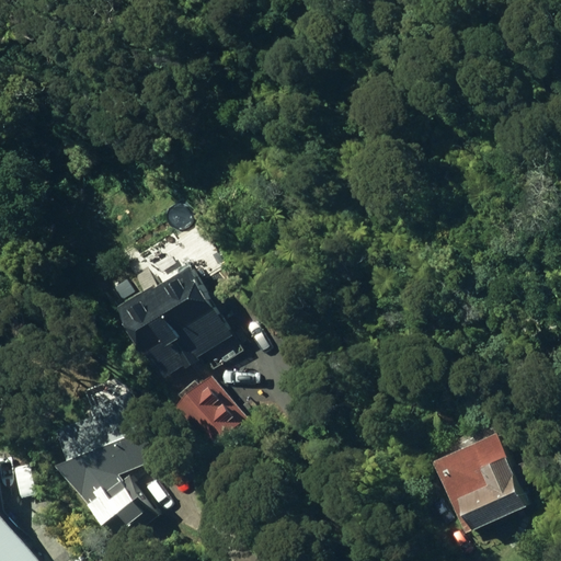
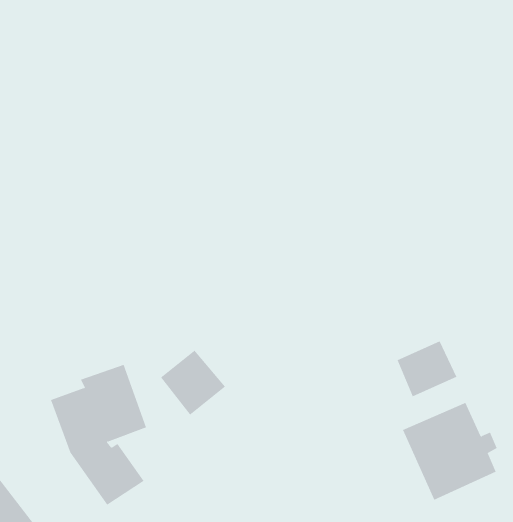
building: [116,265,233,378] -> none
building: none -> [397,340,457,397]

